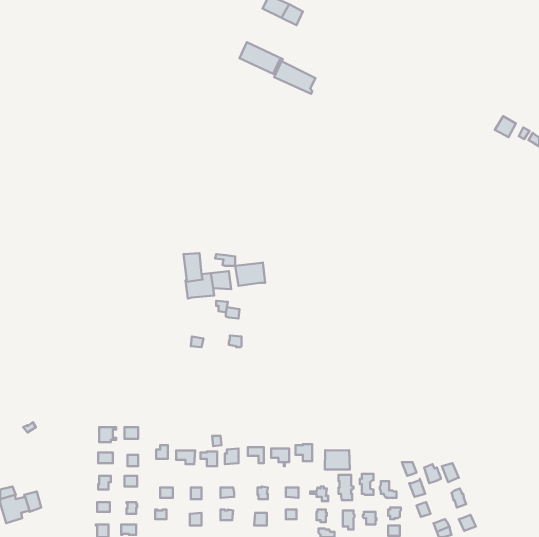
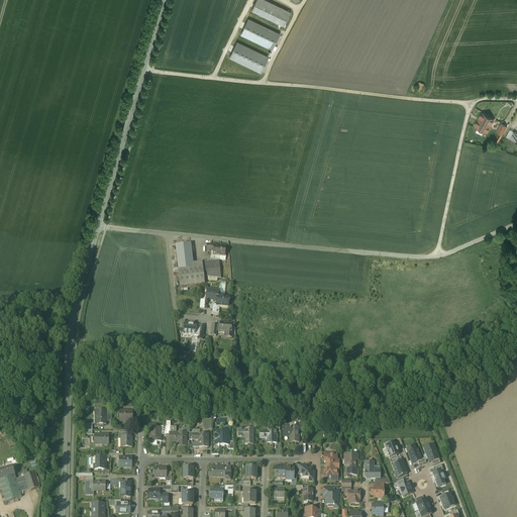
building: [274,61,315,94] -> [240,17,280,48]
building: [235,263,265,286] -> none
building: [325,450,350,470] -> none

